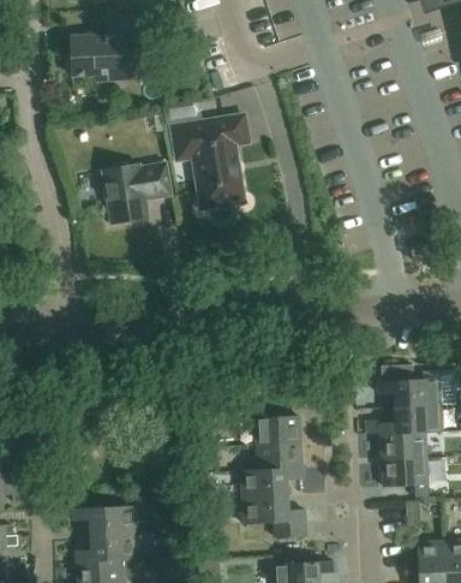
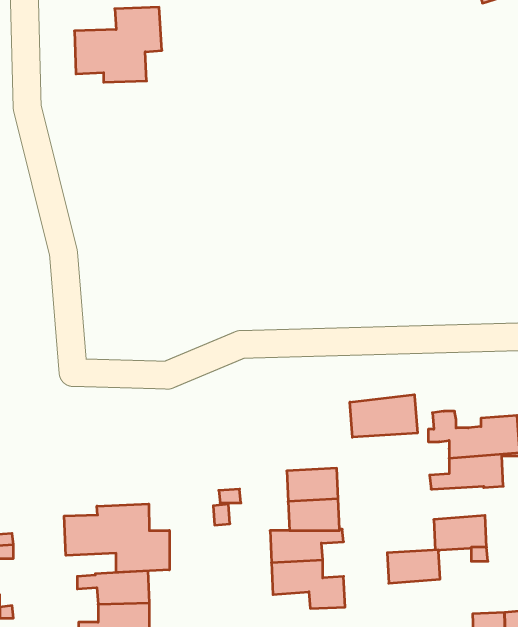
building: [170,114,247,208] -> none
building: [102,161,172,222] -> none
building: none -> [350,395,417,437]
building: [381,432,426,460] -> [387,550,440,583]
building: none -> [64,504,169,572]

